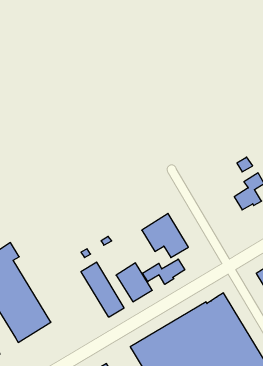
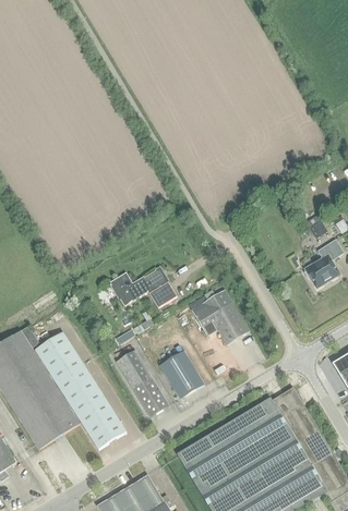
building: none -> [109,267,177,307]
building: none -> [35,332,124,448]
building: [142,259,185,284] -> none

